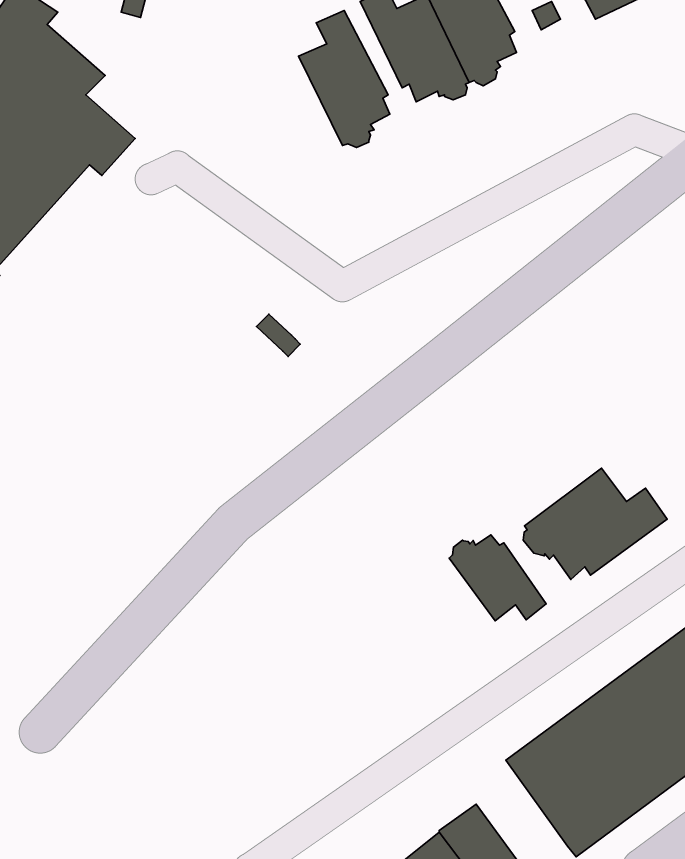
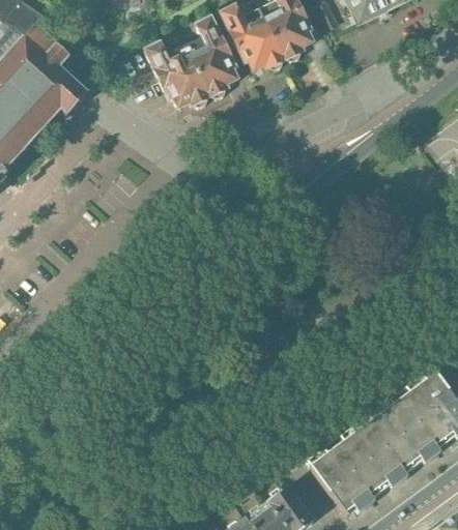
building: none -> [146,33,210,108]
building: [523,468,667,579] -> none
building: [449,535,546,621] -> none

